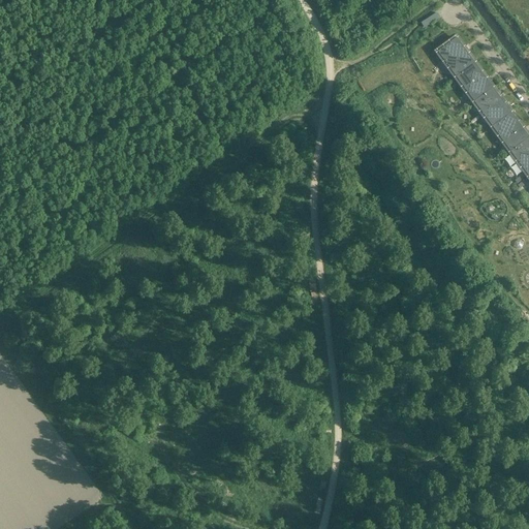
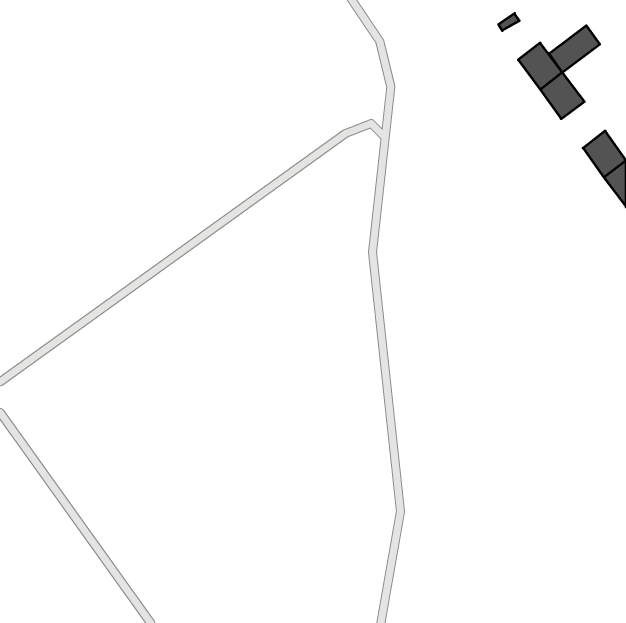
building: none -> [549,26,600,72]
building: [473,86,510,125] -> none

